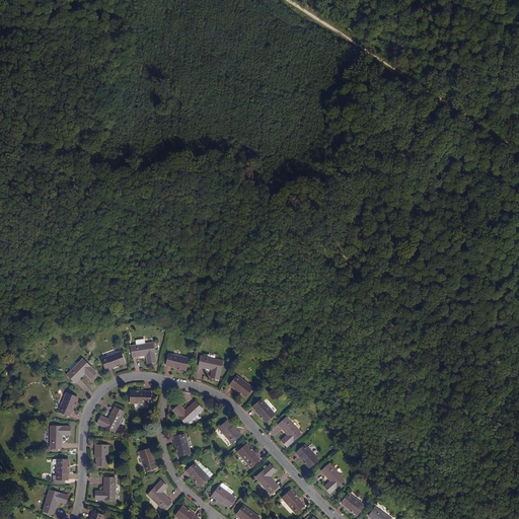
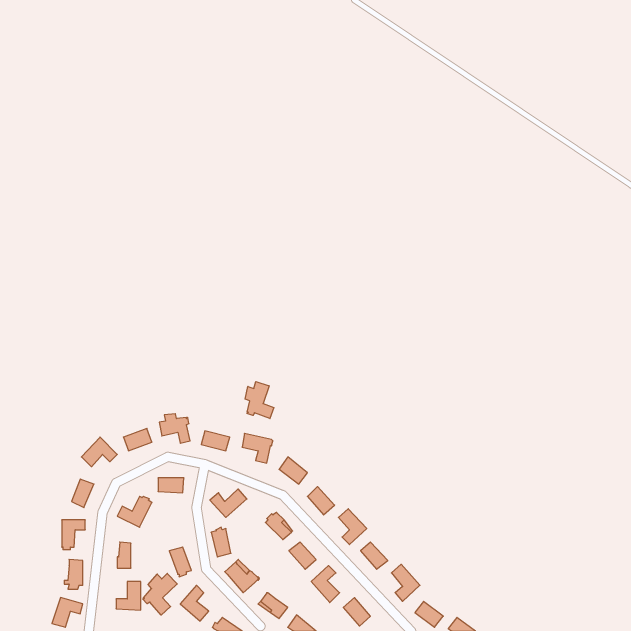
building: none -> [245,382,274,419]
building: none -> [143,573,177,615]

